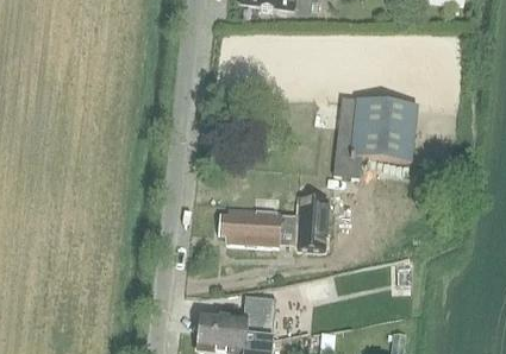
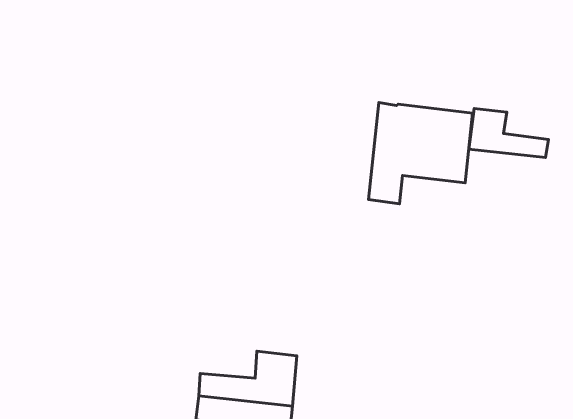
building: none -> [469,108,548,157]
building: [219,196,329,246] -> none

